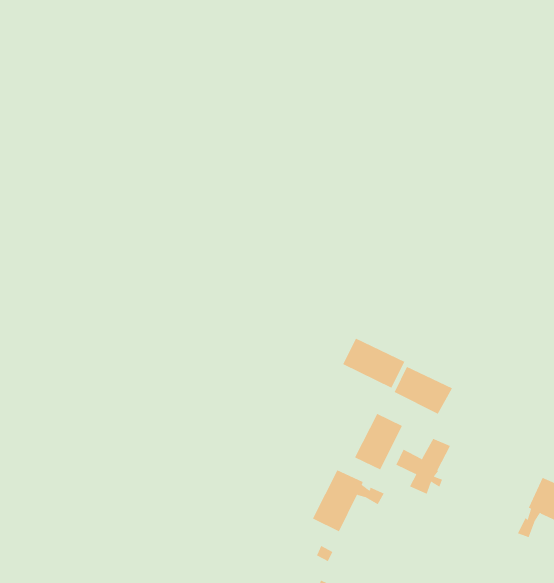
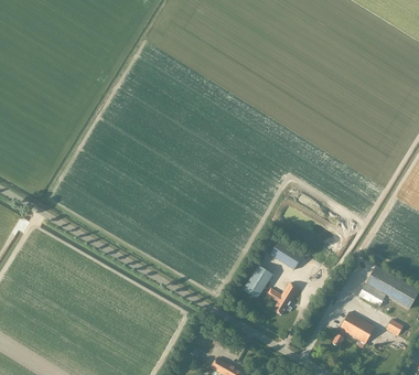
building: [342,338,405,389] -> none
building: [312,470,385,532] -> none

